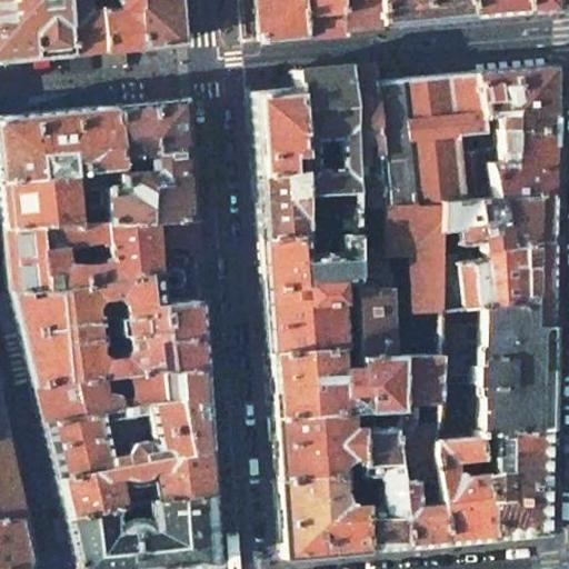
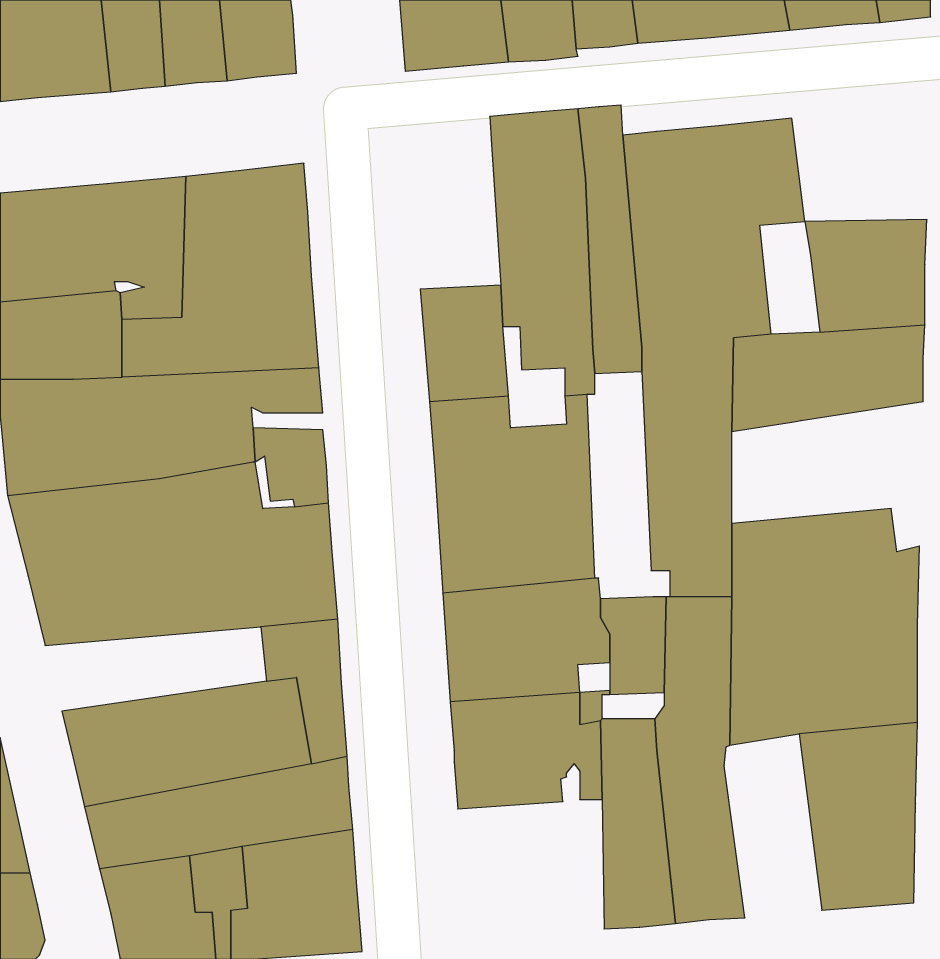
building: [480,64,561,131] -> none
building: [254,86,308,171] -> none
building: [463,151,497,198] -> none
building: [359,220,398,355] -> none
building: [445,238,558,327] -> none
building: [38,371,169,421] -> none
building: [440,435,498,543] -> none
building: [282,473,369,558] -> none

